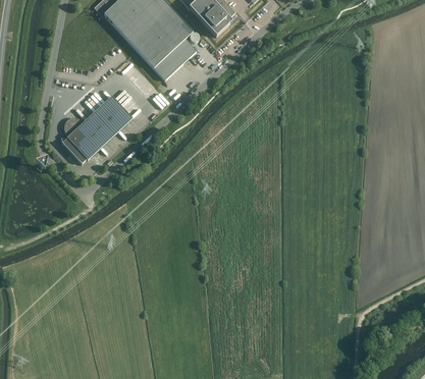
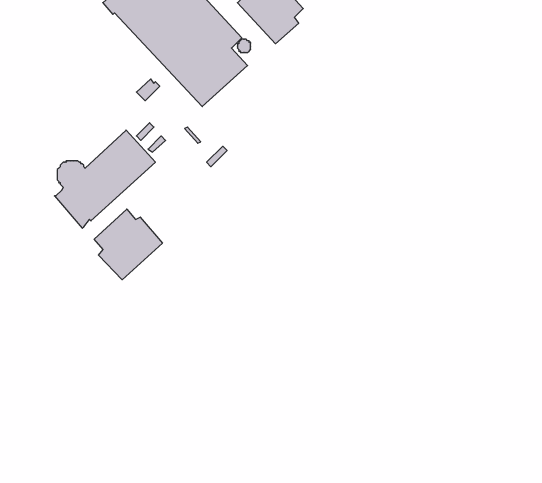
building: none -> [94,209,162,280]

